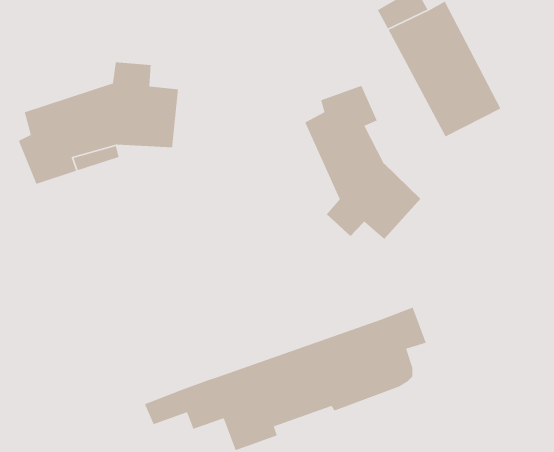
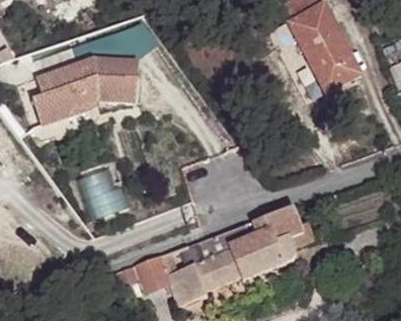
building: [304,85,421,240] -> none

